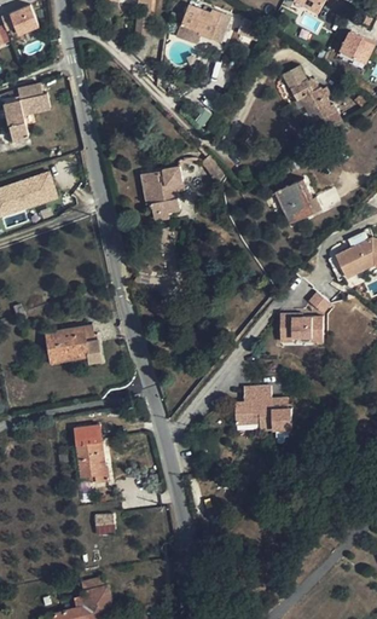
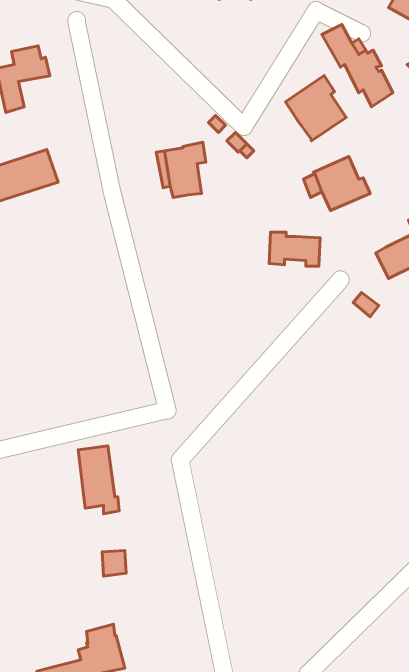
building: none -> [286,75,346,141]
building: [280,314,324,343] -> [269,232,320,266]
building: [45,325,100,364] -> none
building: [234,386,291,430] -> none

